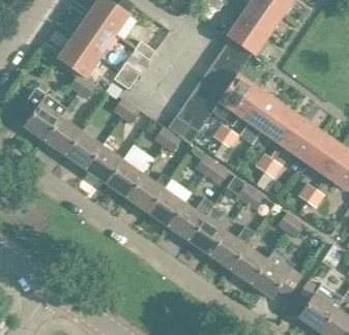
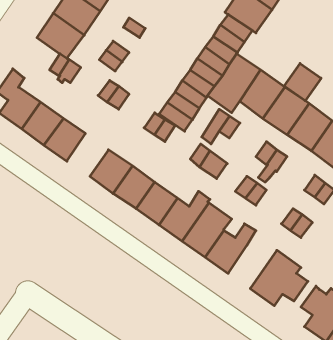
building: none -> [284,63,321,101]
building: [85,145,122,183] -> none
building: [230,245,273,283] -> none

